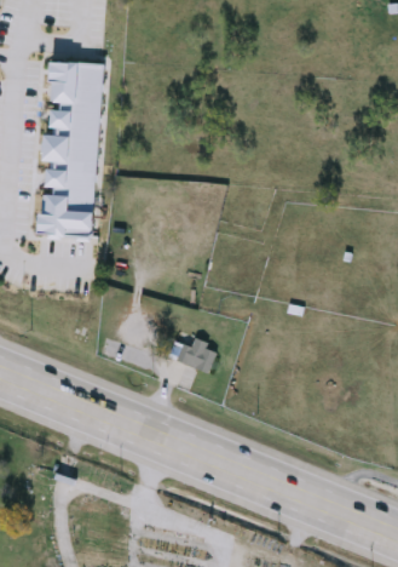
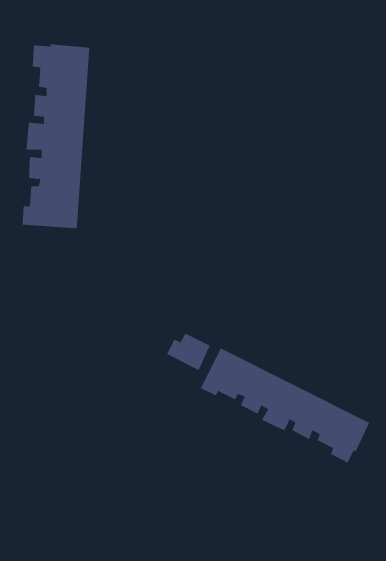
building: none -> [200,348,370,463]

